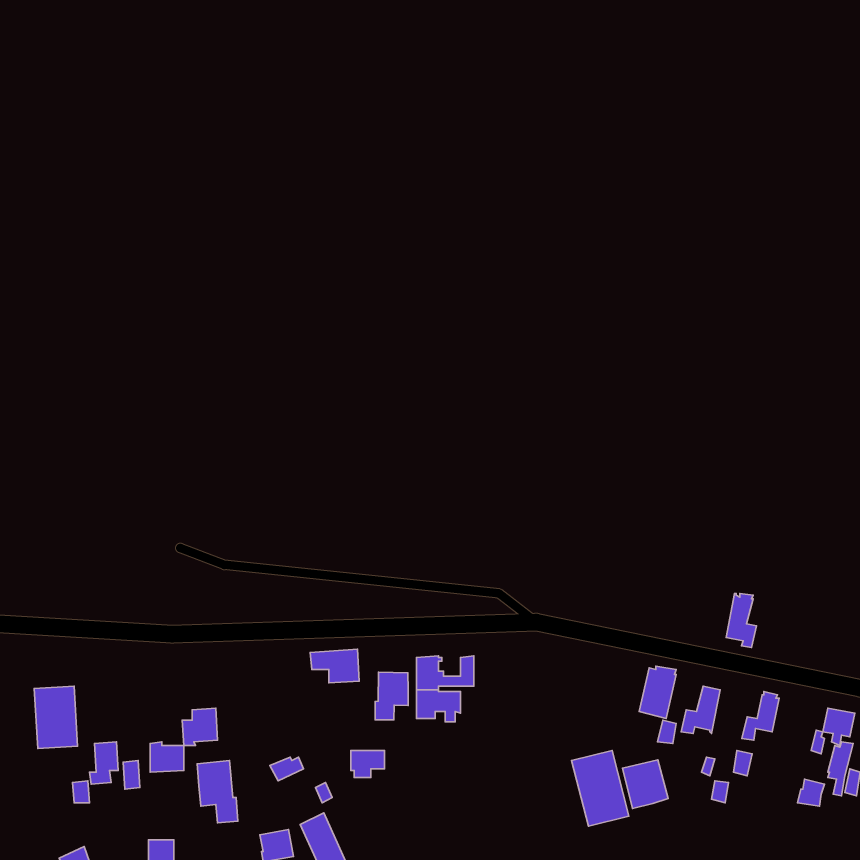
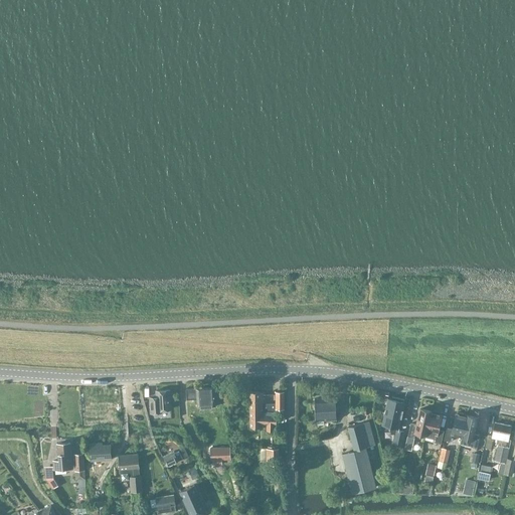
building: [726,594,757,648] -> [424,412,443,445]
building: none -> [314,398,335,421]
building: [375,672,408,720] -> none
building: [34,686,78,749] -> none
building: none -> [460,416,479,449]
building: [182,708,218,745] -> [149,391,170,413]
building: [623,760,668,809] -> [347,422,374,452]

